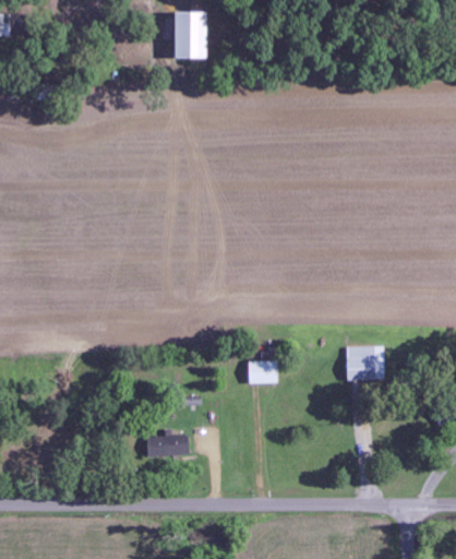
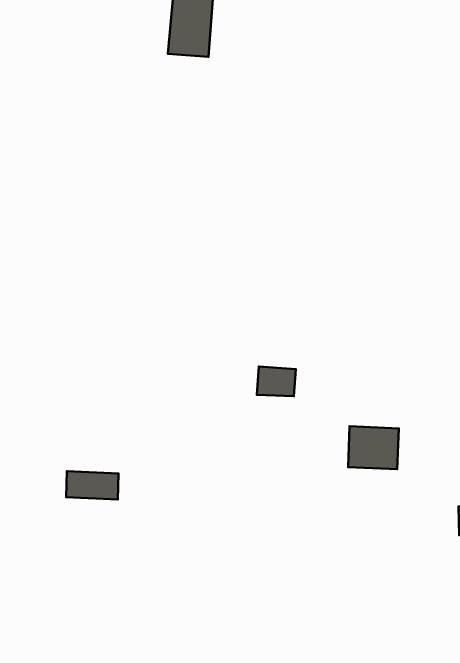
building: [247,360,276,383] -> [257,366,296,396]
building: [145,435,188,456] -> [66,471,118,500]

